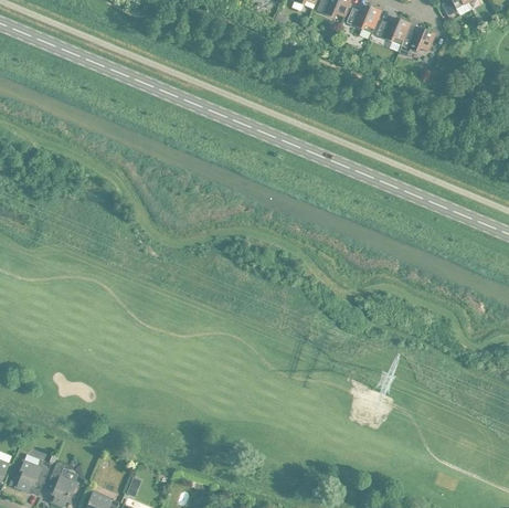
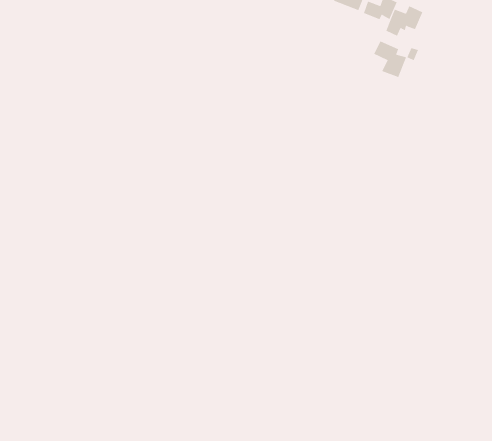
building: none -> [374,41,407,78]

